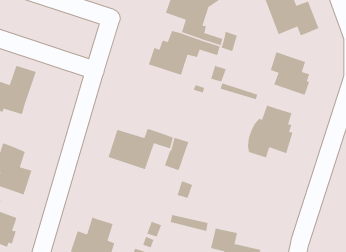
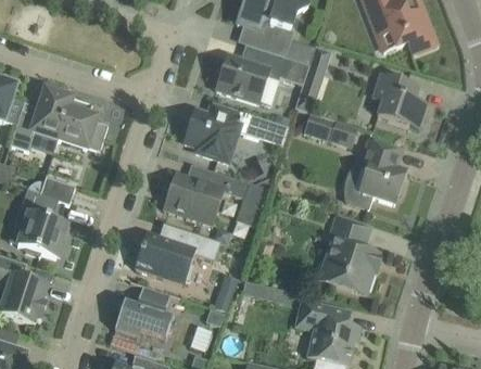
building: none -> [58,98,107,152]
building: none -> [185,101,265,162]
building: none -> [40,176,75,204]
building: none -> [320,216,378,293]
building: none -> [135,222,220,284]

